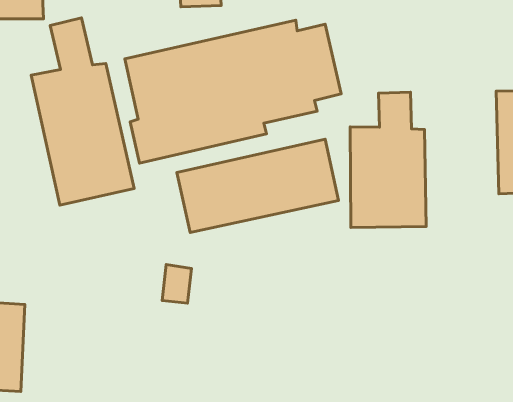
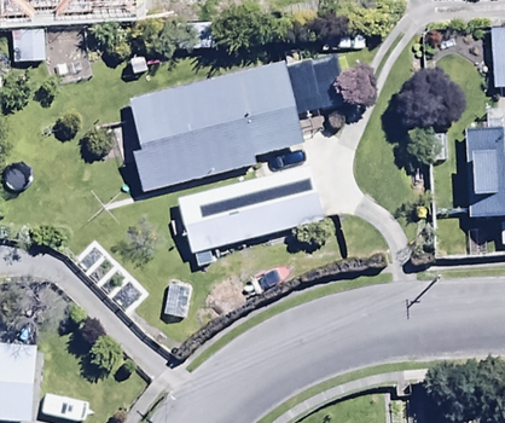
building: [31,18,134,205] -> none
building: [350,92,426,228] -> none

